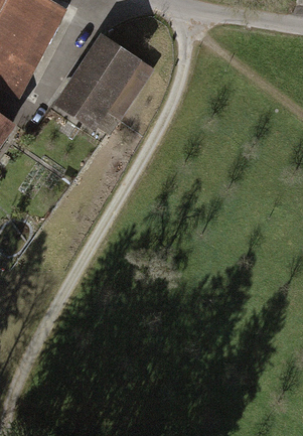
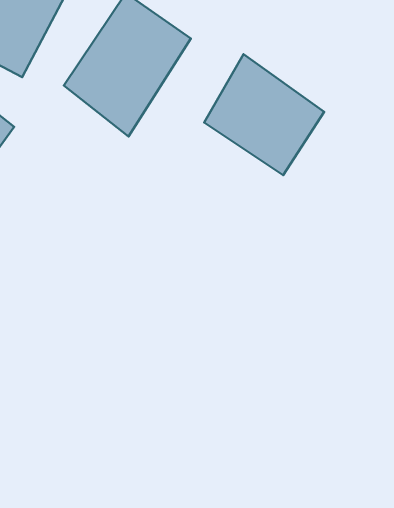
building: none -> [204,54,324,175]

